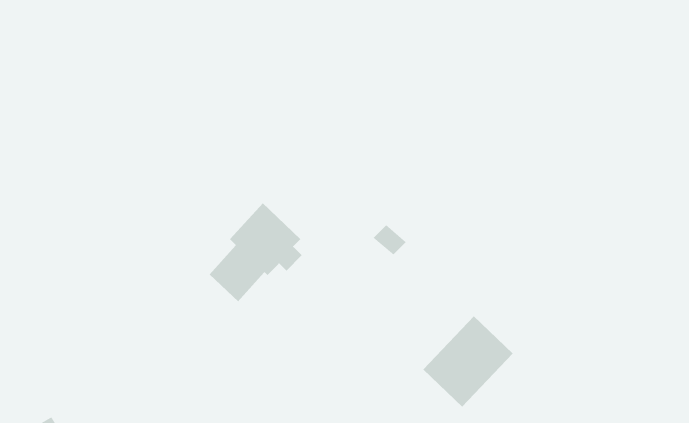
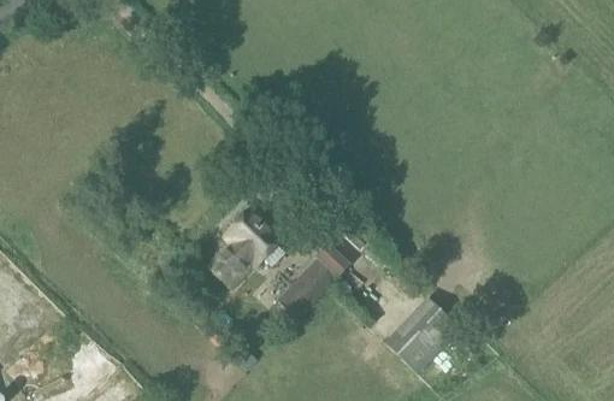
building: none -> [277,242,350,318]

